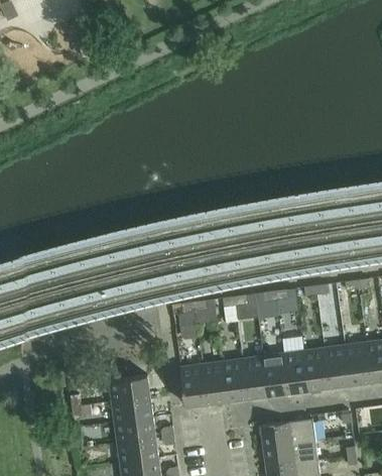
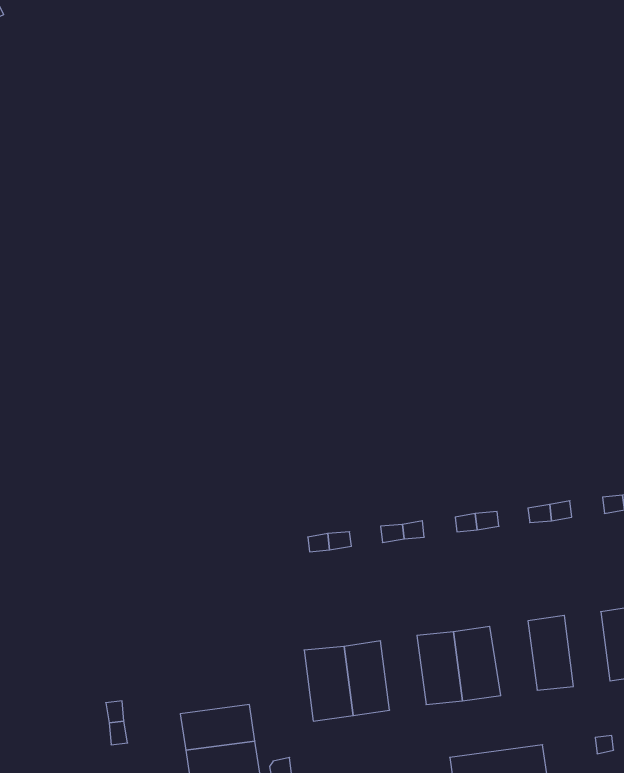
building: [324,346,349,387] -> none
building: [282,351,308,392] -> none
building: [222,359,247,400] -> none
building: [108,376,149,402] -> none

